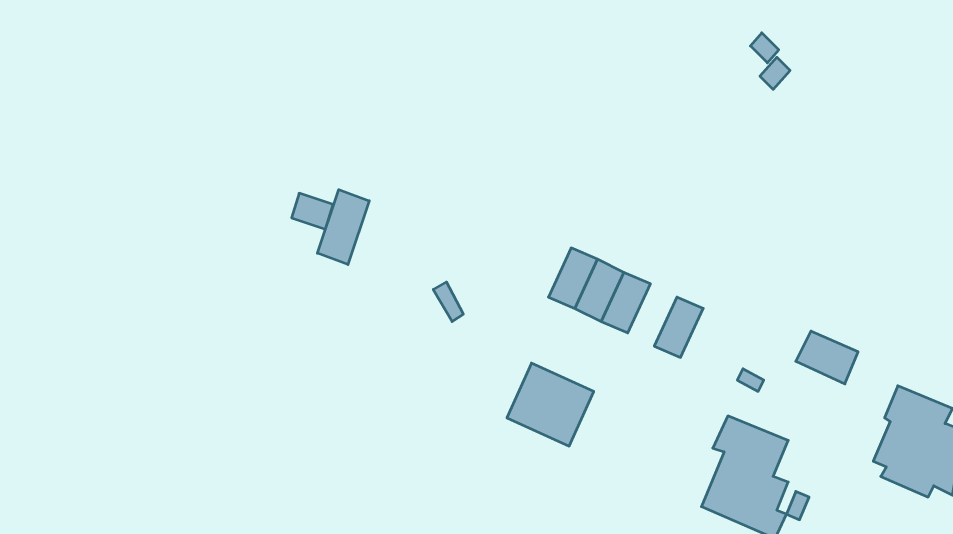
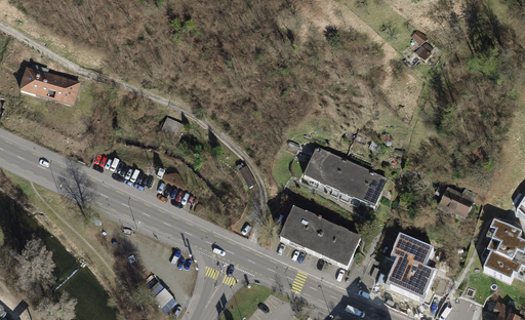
building: none -> [19,65,81,105]
building: [317,190,369,265] -> none
building: none -> [346,165,372,199]
building: none -> [314,224,359,267]

